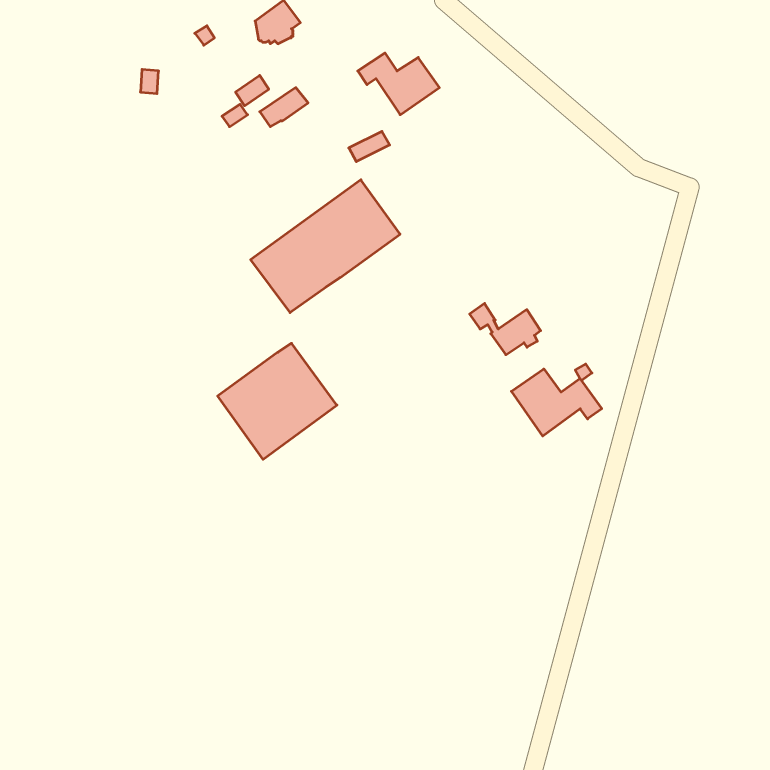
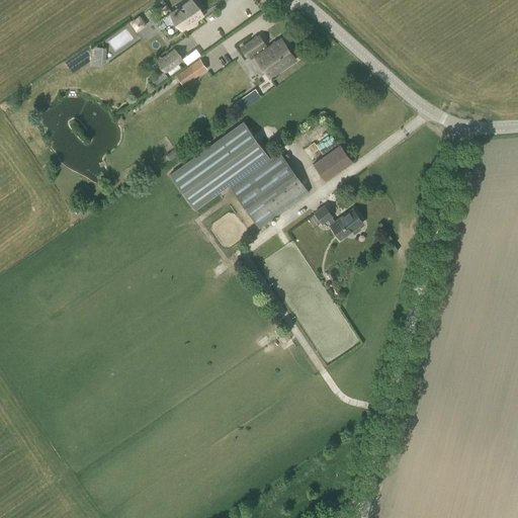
building: none -> [314,145,353,179]
building: [218,343,337,459] -> [228,152,308,230]
building: [511,369,602,436] -> none

